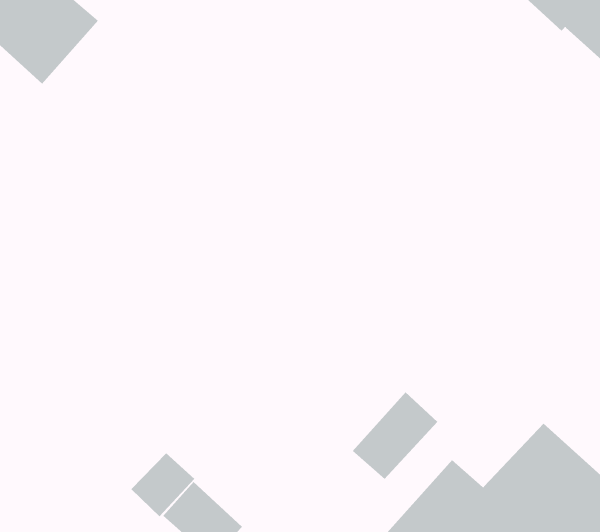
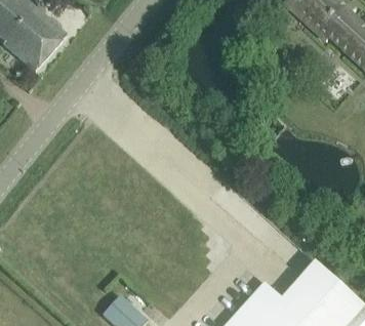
building: [352,391,438,480] -> none
building: [130,452,195,517] -> none

